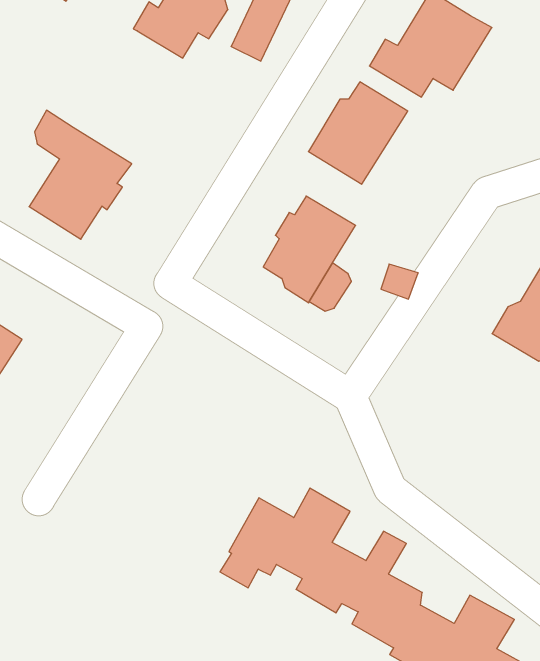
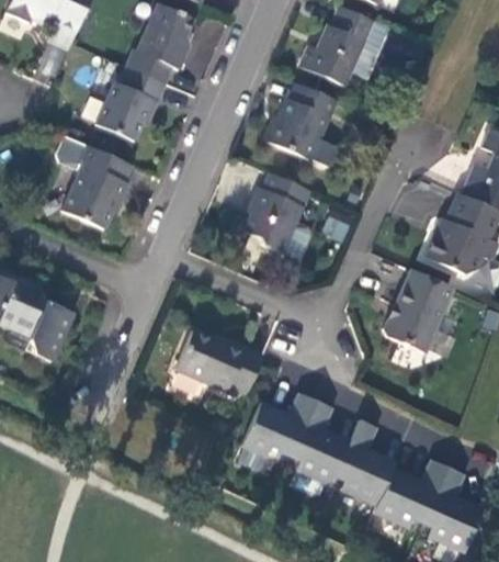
building: none -> [93,69,163,144]
building: none -> [383,268,454,349]
building: none -> [174,333,264,395]

